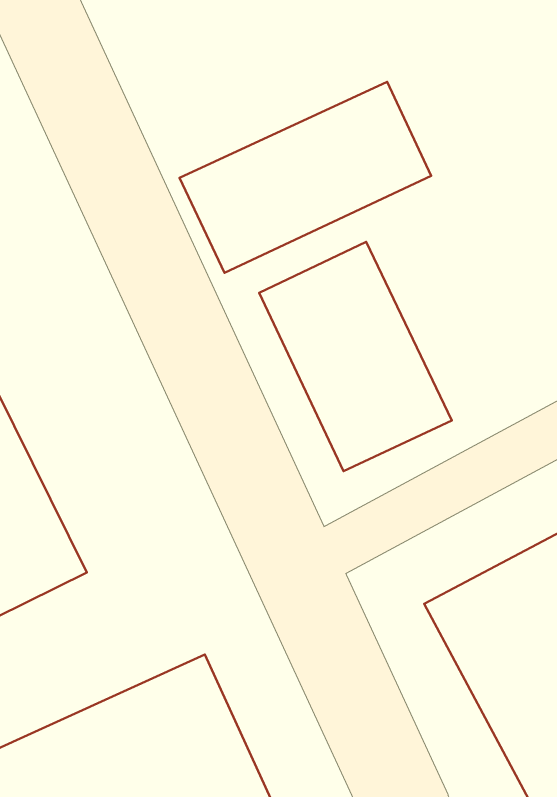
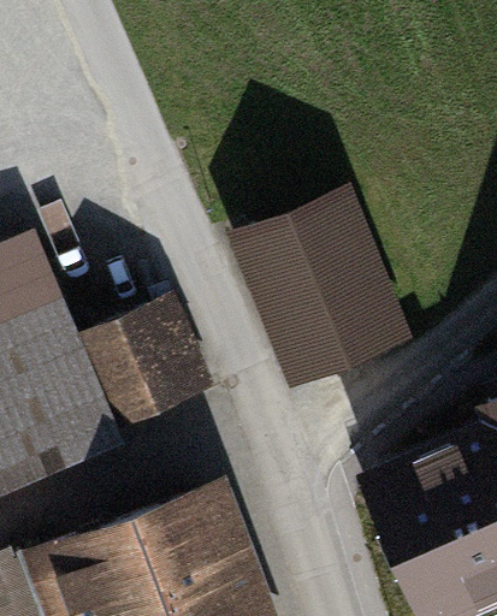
building: [180,82,431,273] -> none
building: none -> [96,302,191,415]

